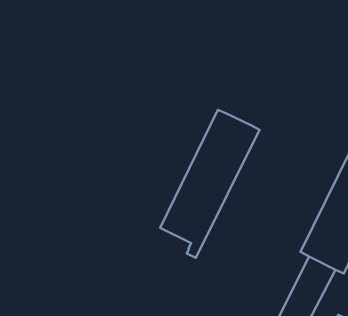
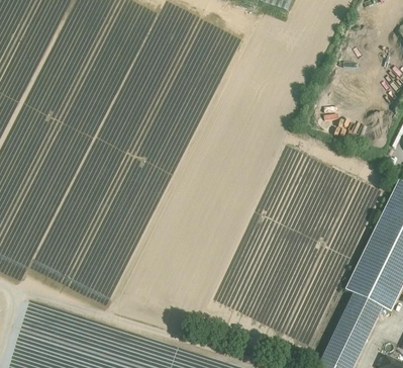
building: [160,110,259,258] -> none

